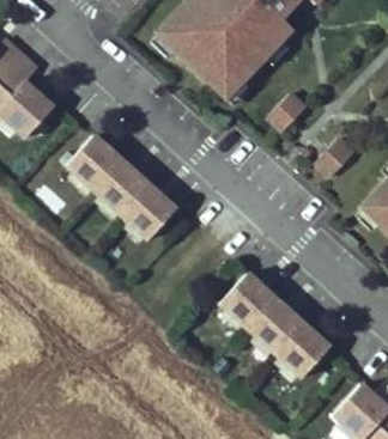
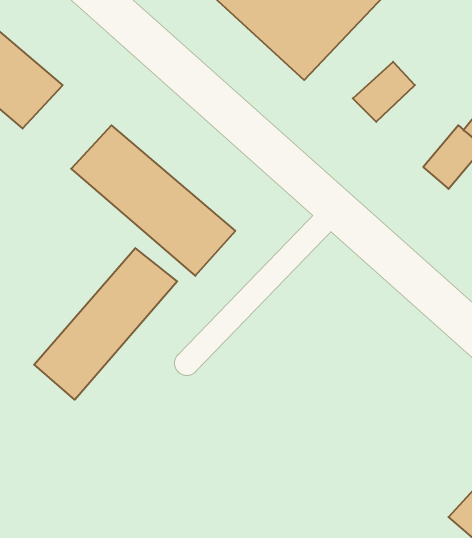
building: none -> [34,248,177,400]
building: [218,273,335,380] -> none

